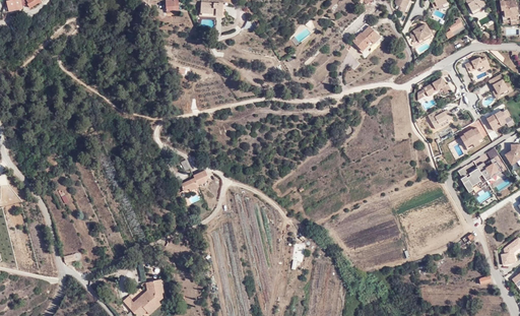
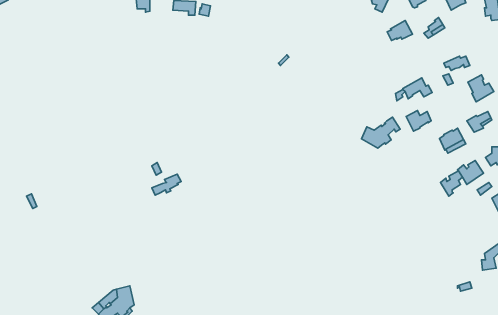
building: [352,25,381,52] -> none
building: none -> [362,117,400,148]

